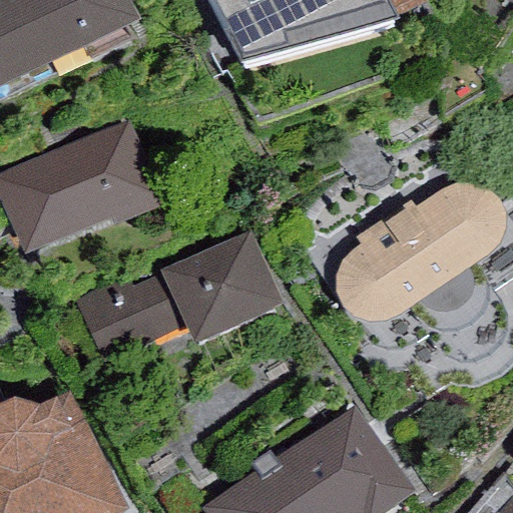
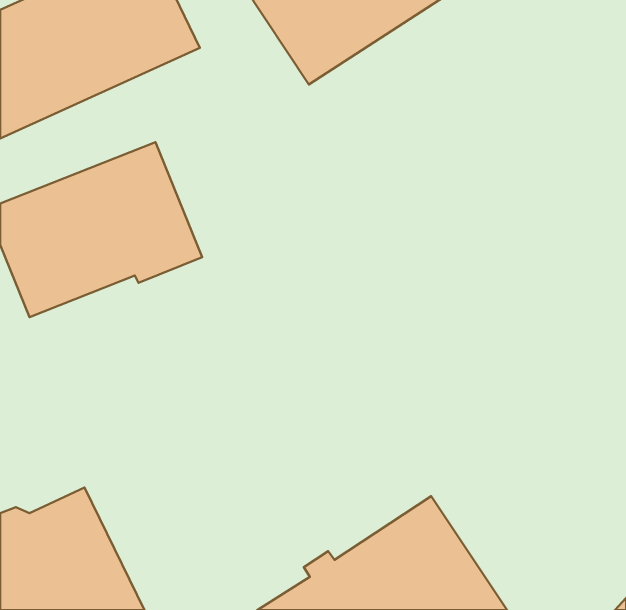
building: [335,178,504,326] -> none
building: [72,233,284,361] -> none

